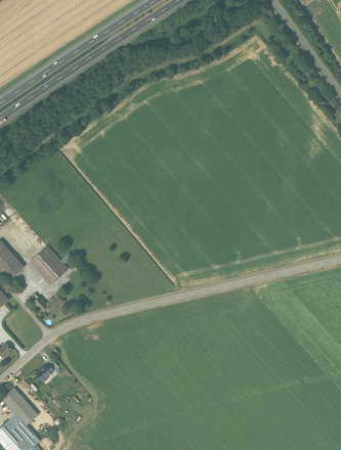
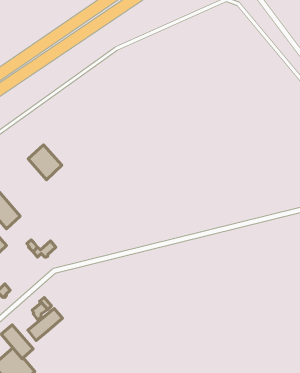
building: [30,246,68,285] -> [28,145,62,180]
building: none -> [28,309,62,341]

